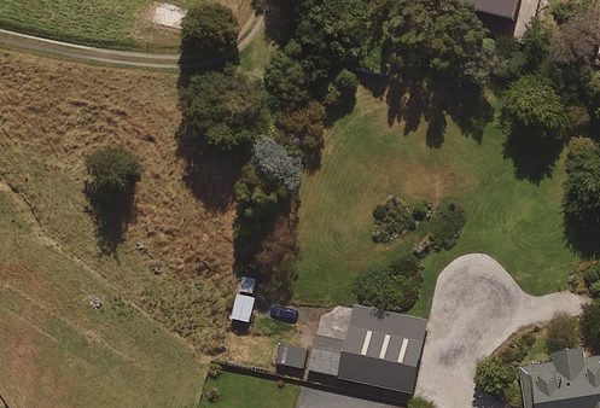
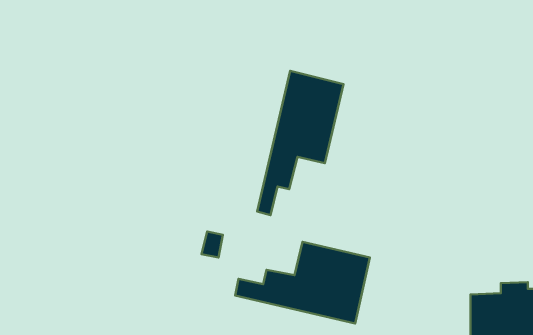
building: none -> [257,71,343,215]

